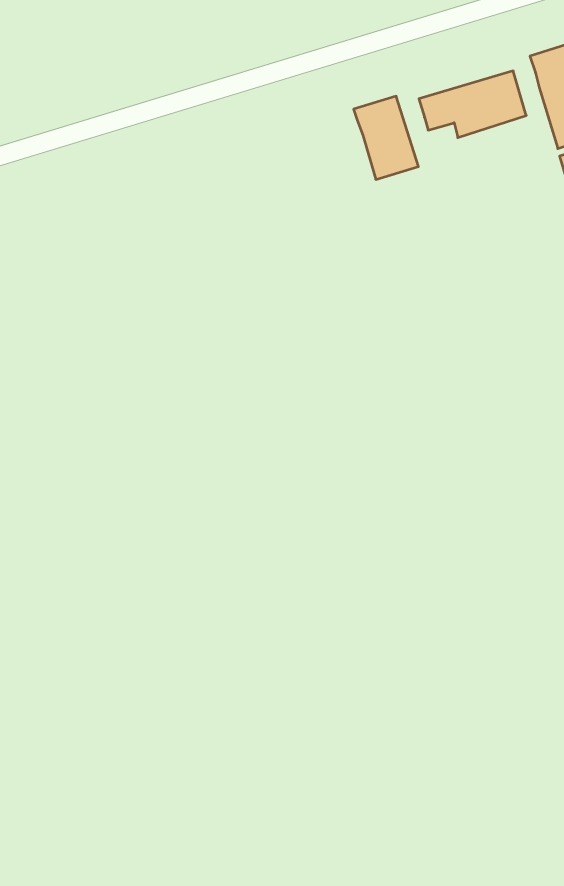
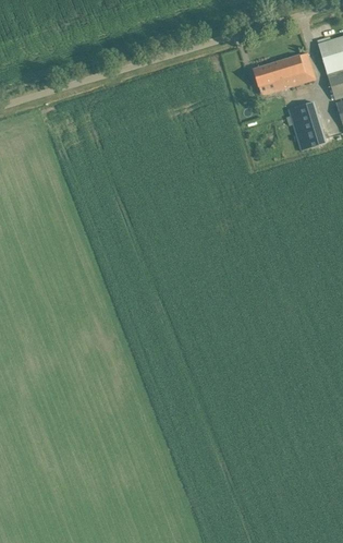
building: [354,96,418,179] -> [287,101,326,150]

